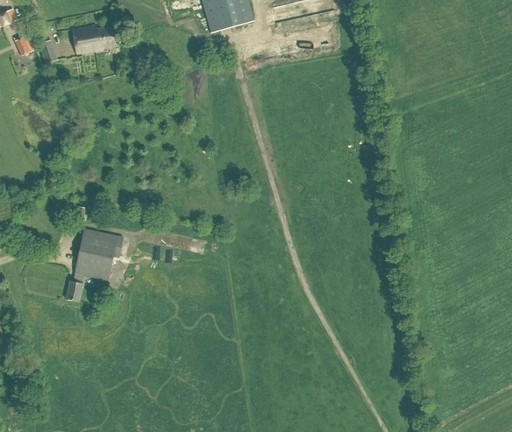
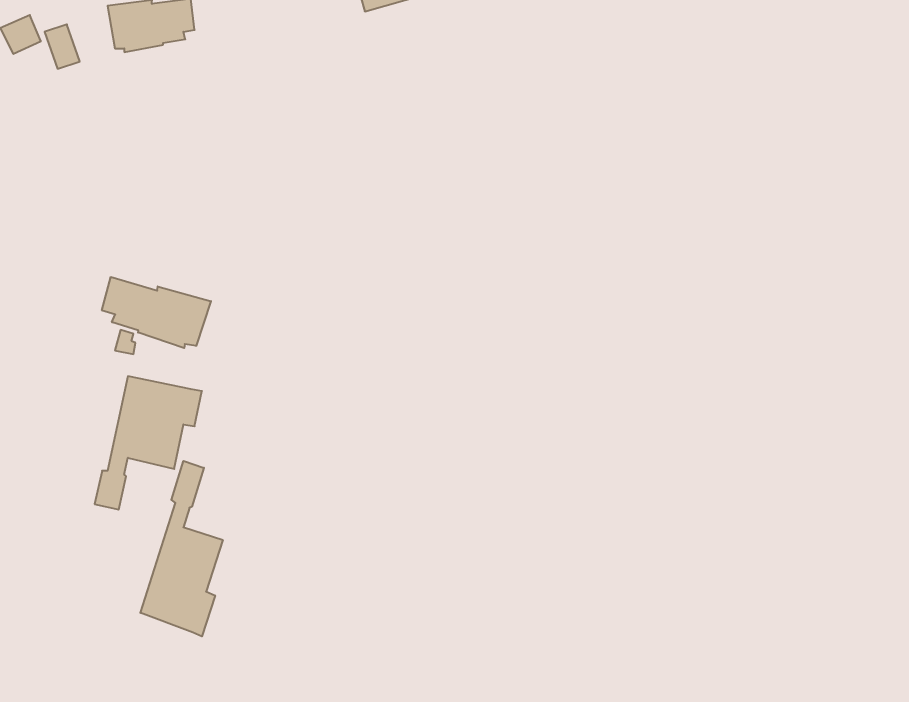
building: none -> [102,277,211,348]
building: none -> [140,461,223,636]

